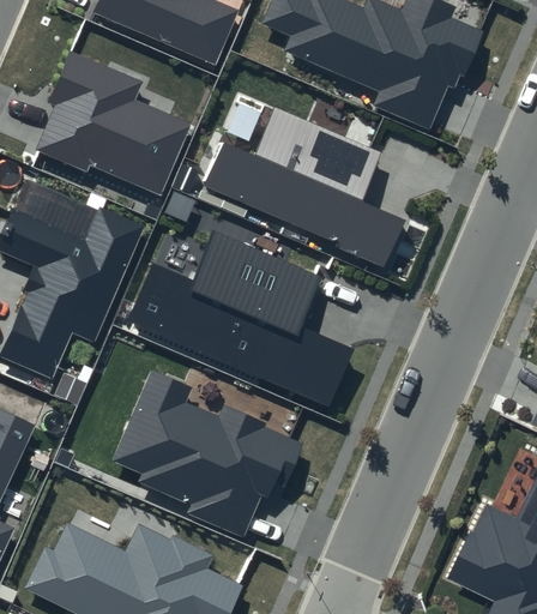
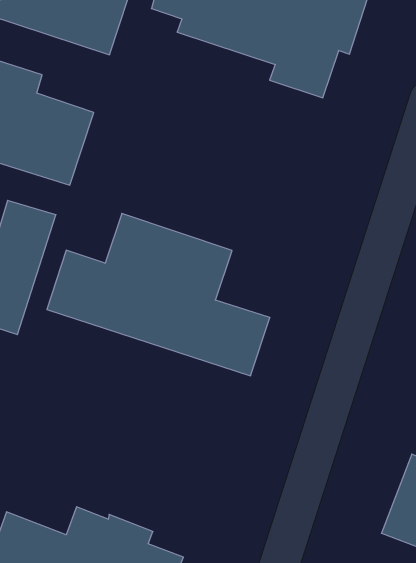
building: [201,107,404,269] -> none
building: [110,371,302,538] -> none

